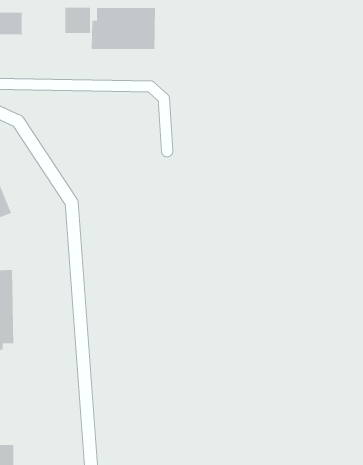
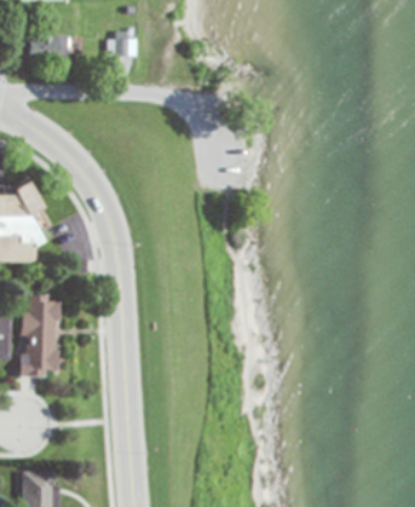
building: [91,7,155,50] -> none

